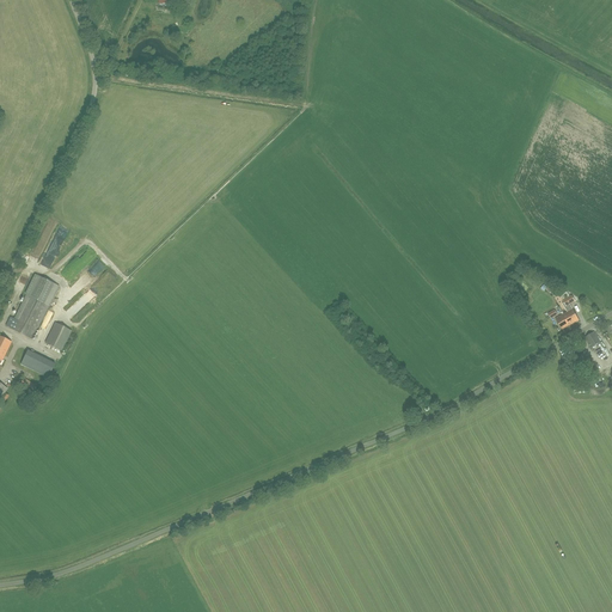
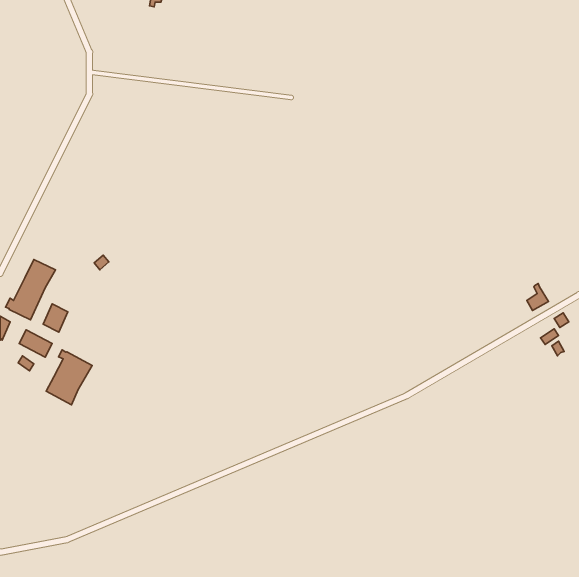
building: none -> [46,350,92,405]

